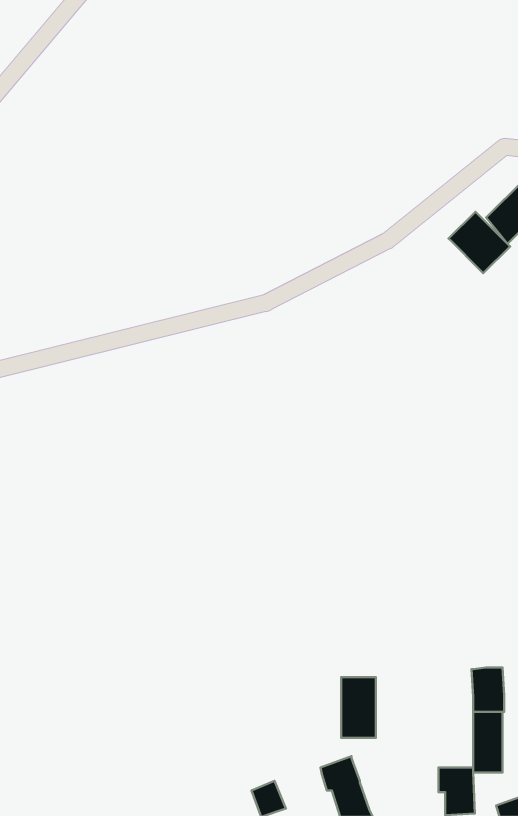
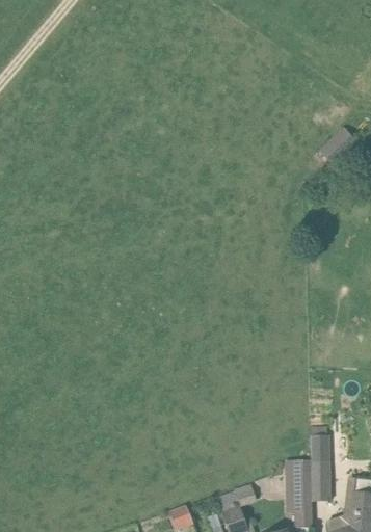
building: [449,212,510,273] -> none
building: [341,677,376,738] -> [289,460,311,499]

